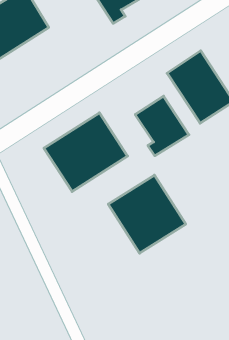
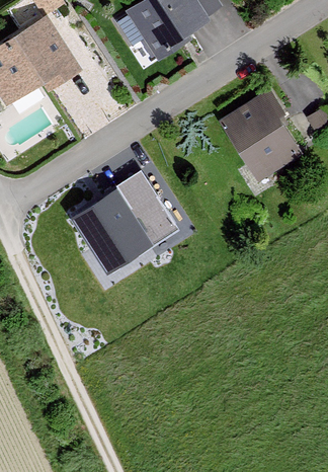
building: [135,96,189,156] -> none
building: [108,175,186,253] -> none

